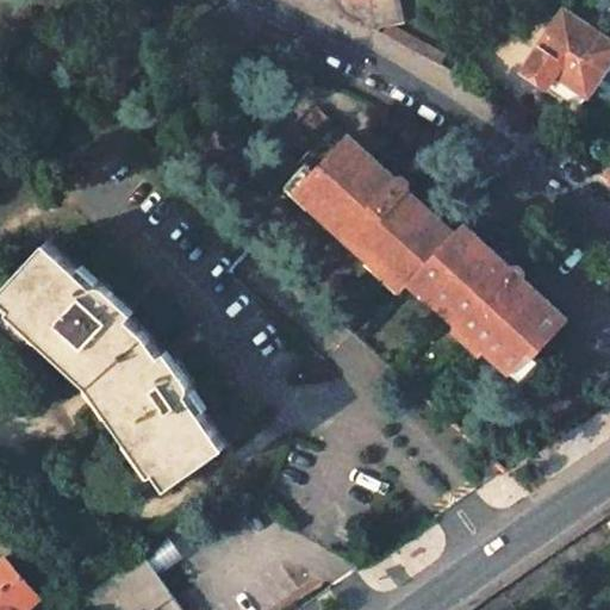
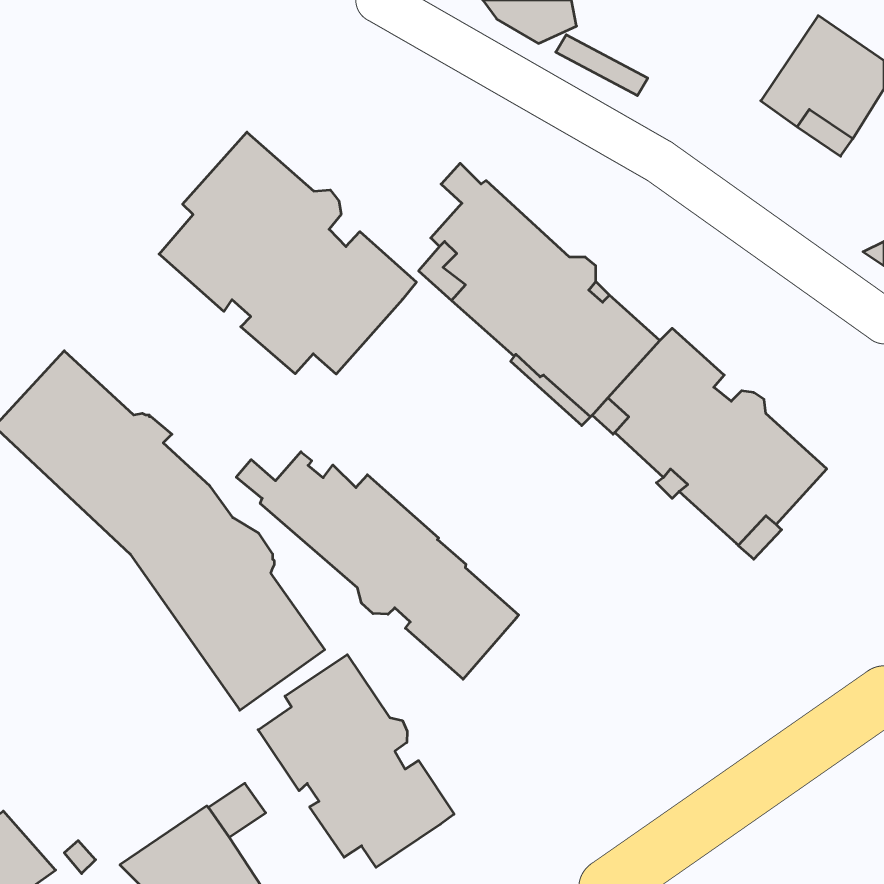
building: none -> [159,132,416,374]
building: none -> [236,452,519,679]
building: none -> [258,655,454,867]

